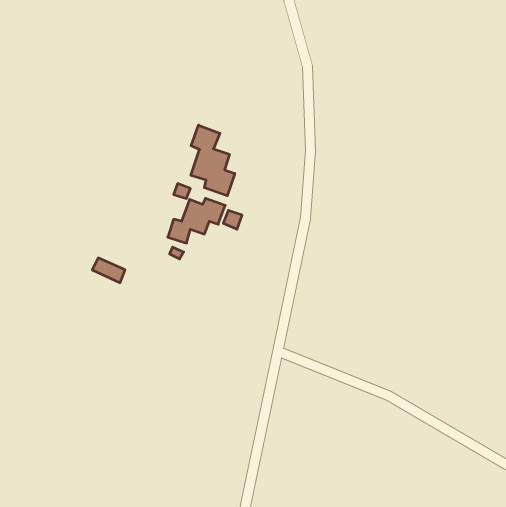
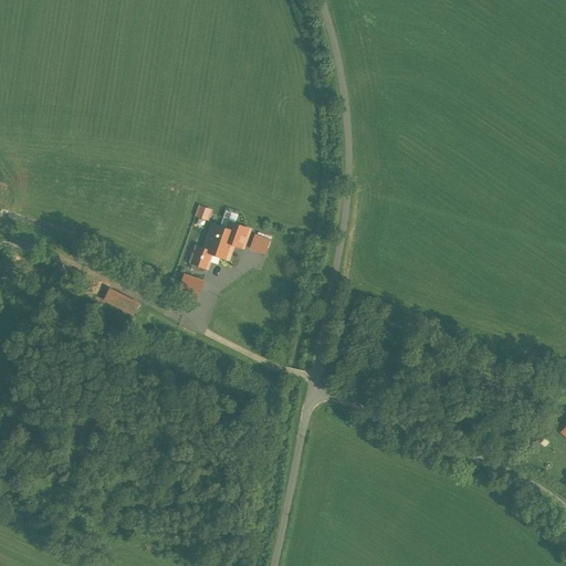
building: [191,125,235,196] -> none

